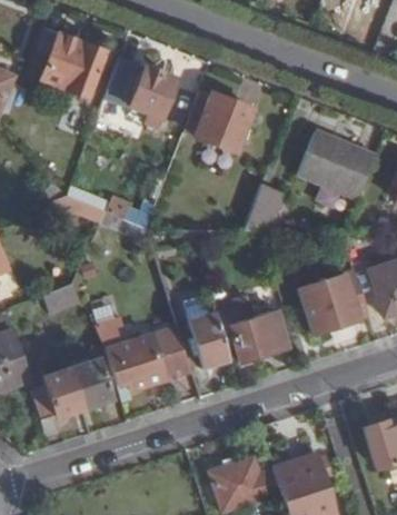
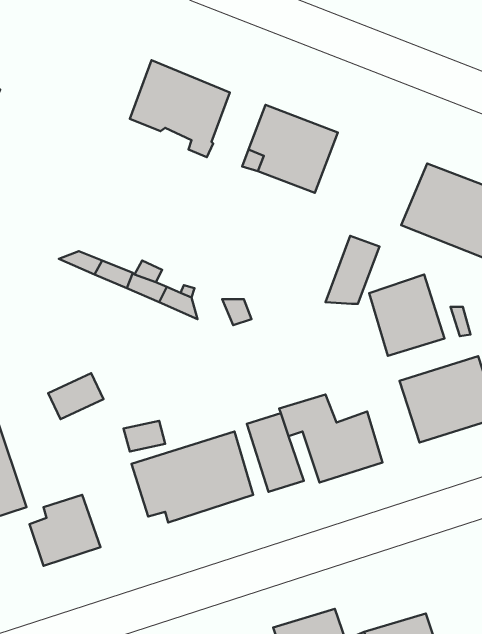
building: [24,29,107,100] -> none
building: none -> [369,275,444,356]
building: [69,362,109,408] -> none

